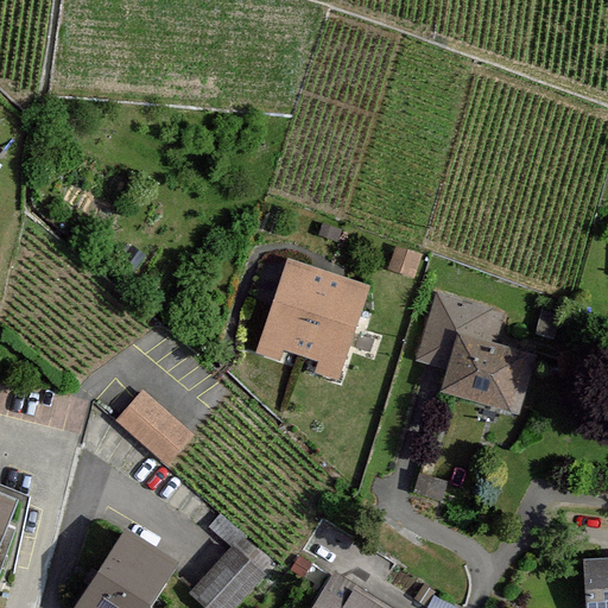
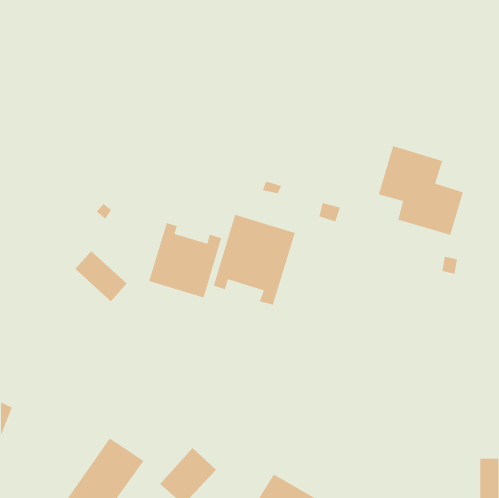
building: none -> [148,222,222,299]
building: [419,297,524,407] -> [378,145,464,236]
building: [121,397,185,460] -> [75,250,127,302]

